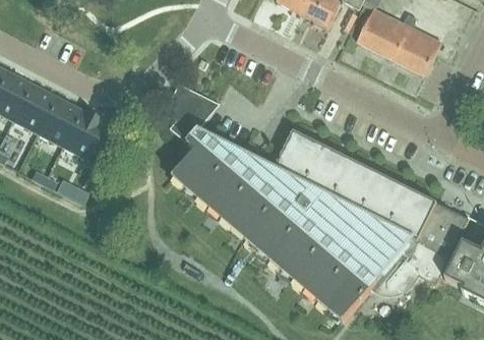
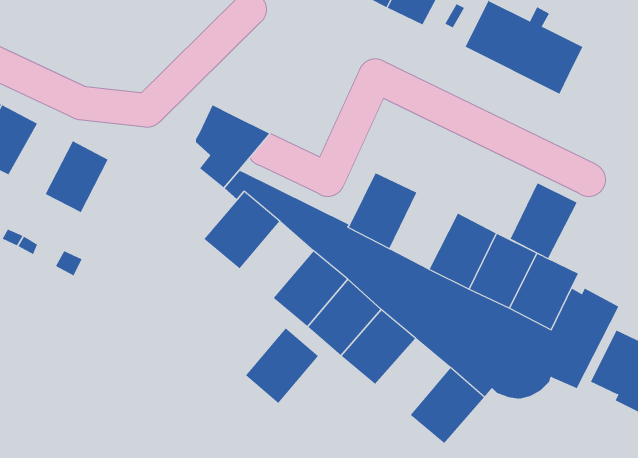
building: [36,95,80,145] -> none
building: [304,144,352,197] -> [510,182,578,259]
building: [198,164,250,218] -> [245,327,319,404]
building: [294,246,347,300] -> none

